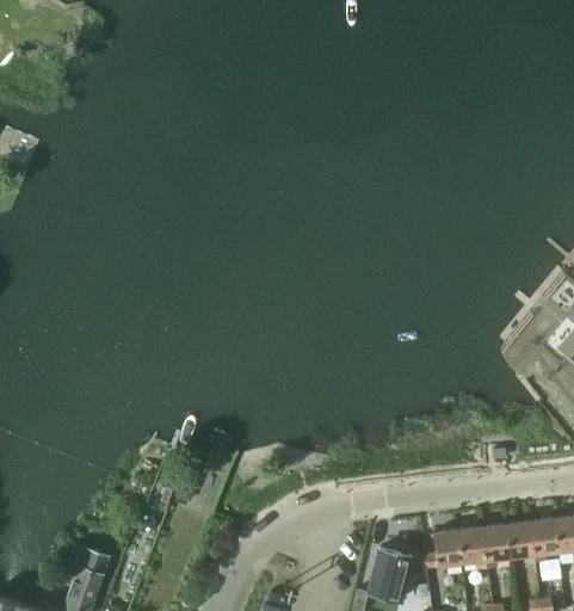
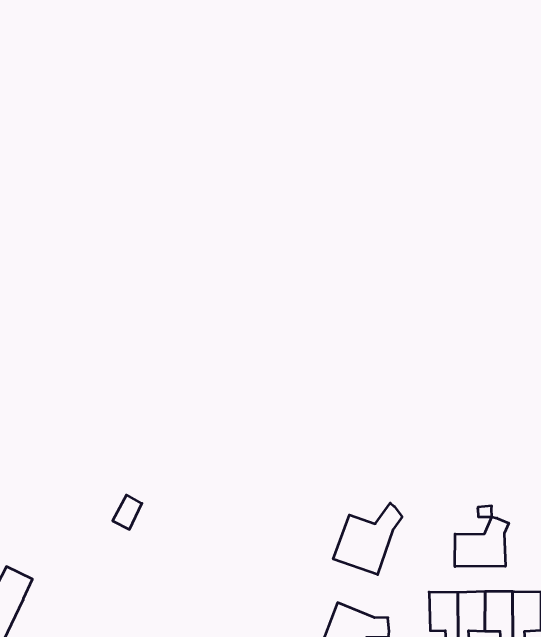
building: none -> [333,503,402,575]
building: none -> [455,517,509,567]
building: [424,530,462,568] -> none

